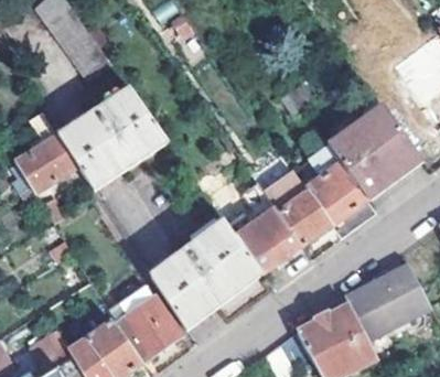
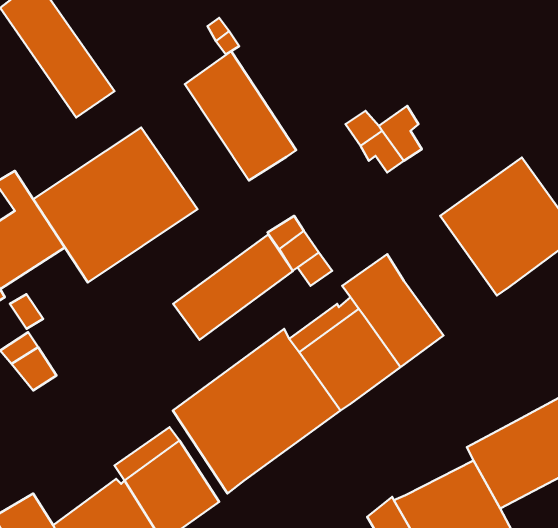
building: none -> [185,51,296,181]
building: [303,146,365,225] -> none
building: none -> [173,234,293,340]

